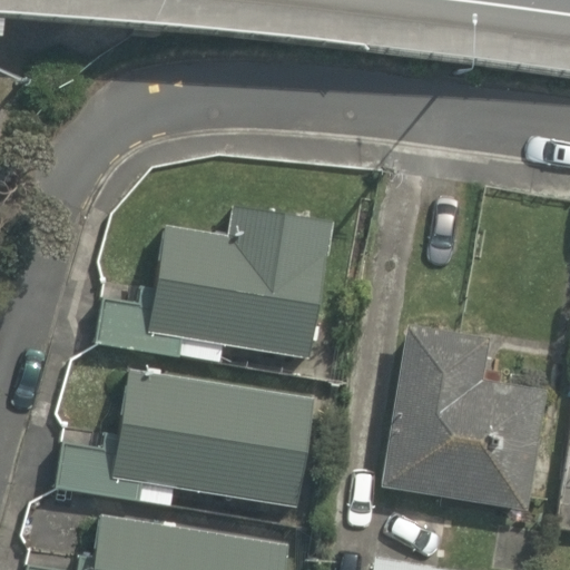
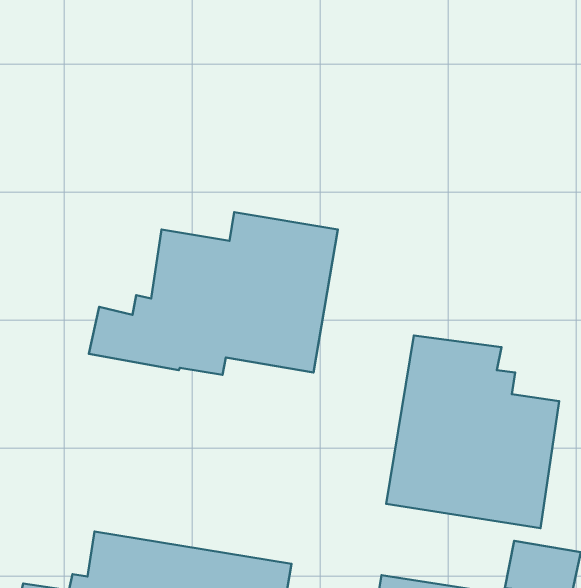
building: [57,367,317,509] -> none

